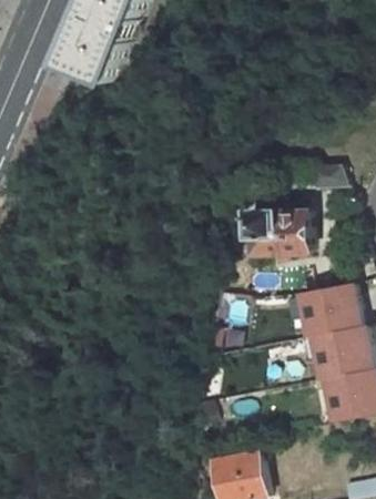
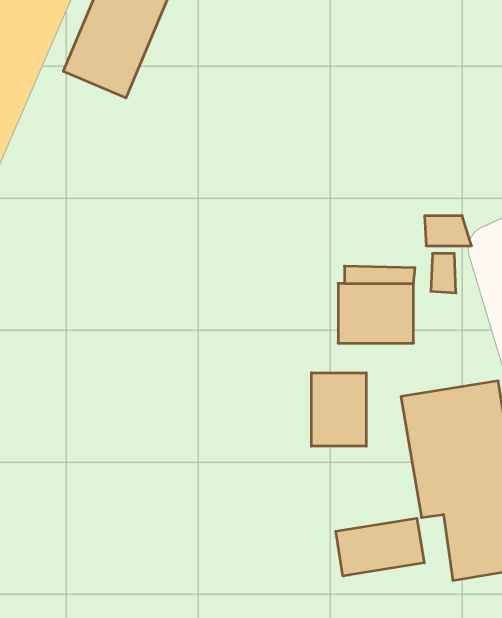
building: none -> [311,373,366,446]
building: none -> [336,518,424,576]

